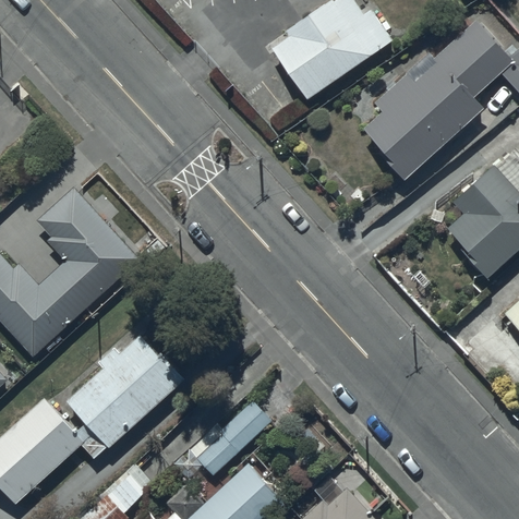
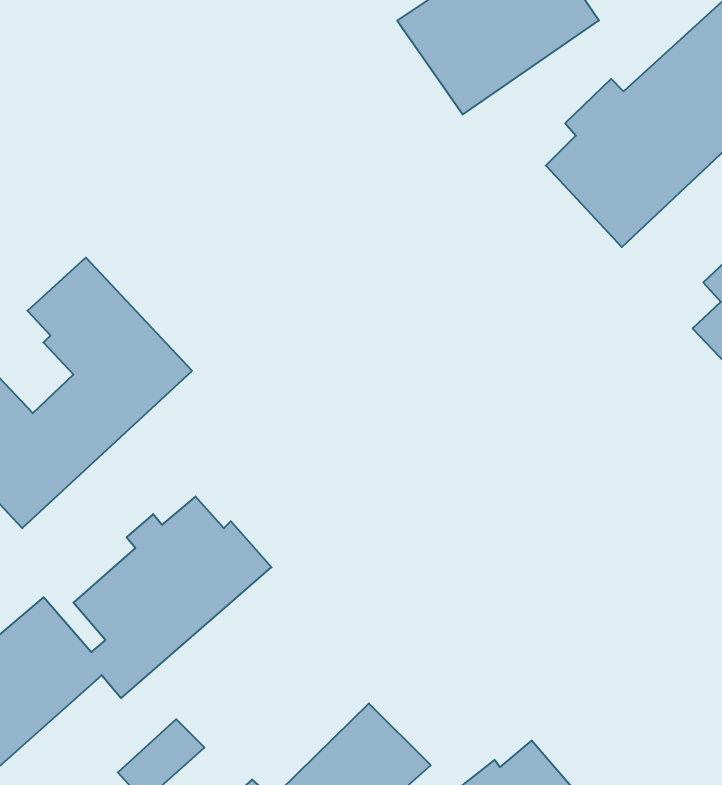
building: [173,400,273,481] -> none

